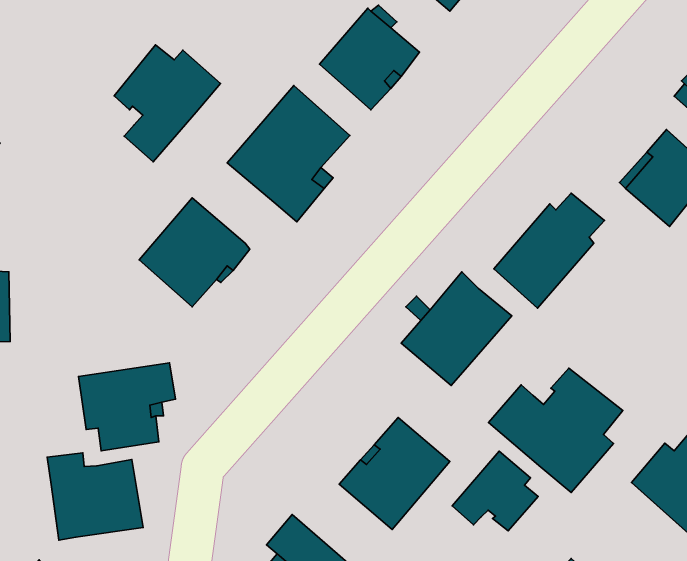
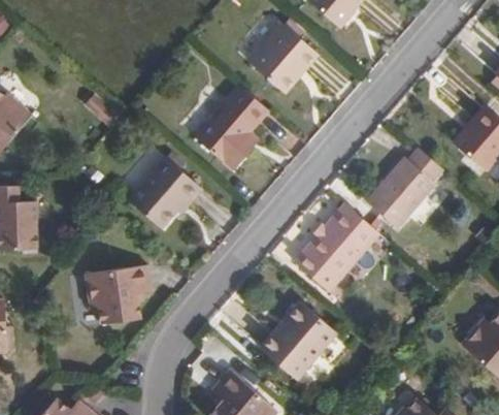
building: [114,45,220,162] -> none
building: [489,368,623,492] -> none
building: [452,451,538,531] -> none
building: [47,453,143,540] -> none

